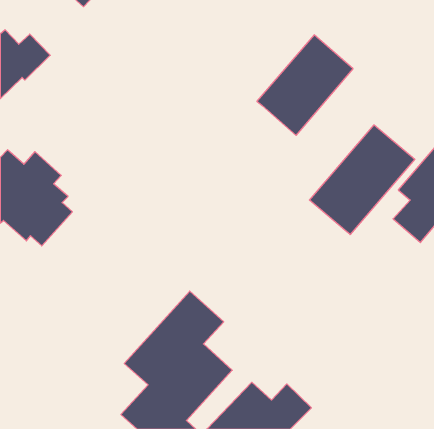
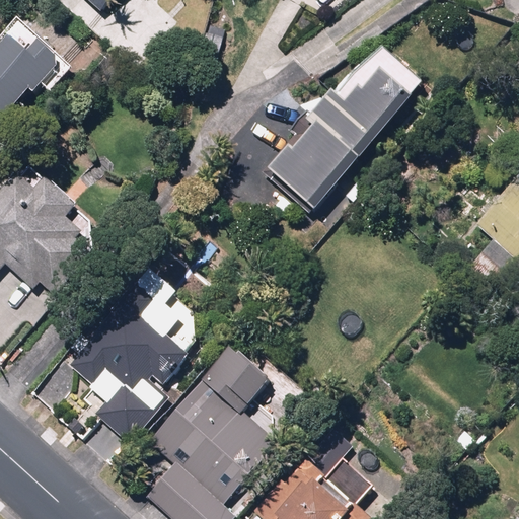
building: none -> [265,126,354,211]
building: [309,125,415,235] -> none
building: none -> [68,274,184,441]

